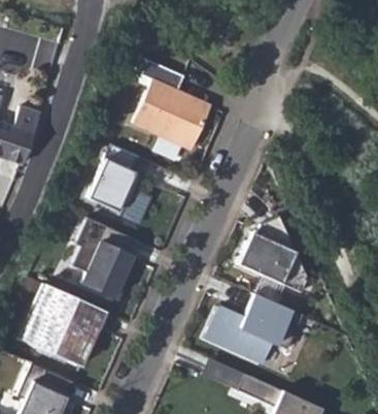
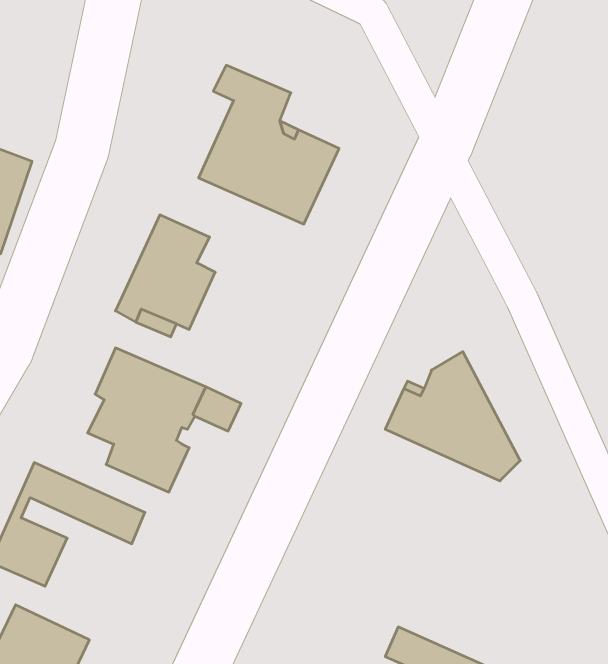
building: [204,293,303,364] -> none
building: [34,301,96,365] -> none

